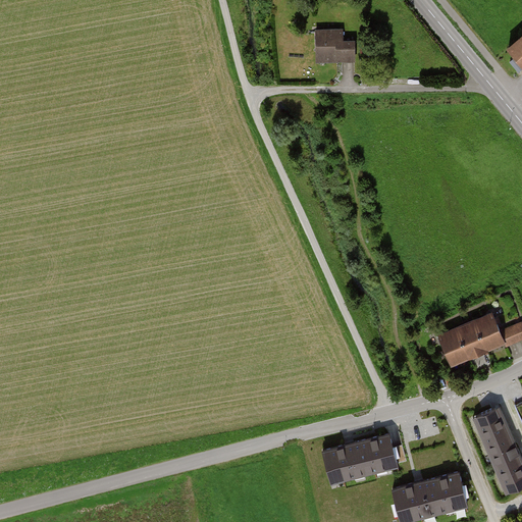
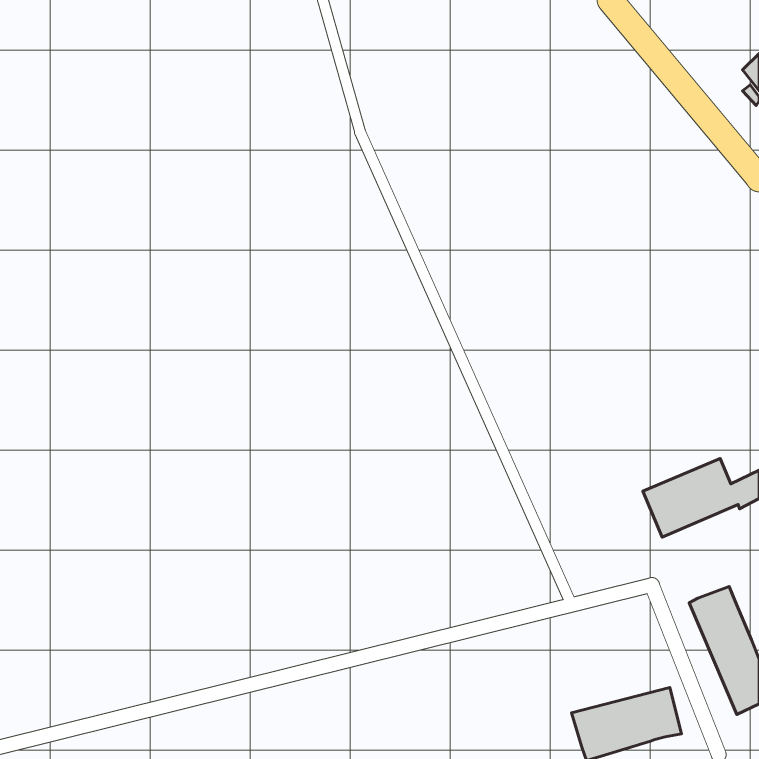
building: [316,31,356,64] -> none
building: [322,433,397,482] -> none

